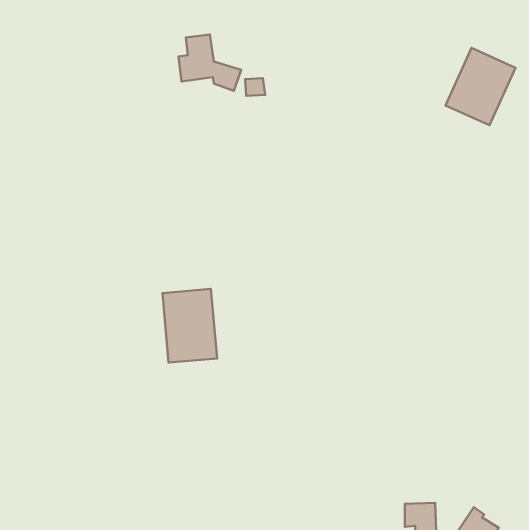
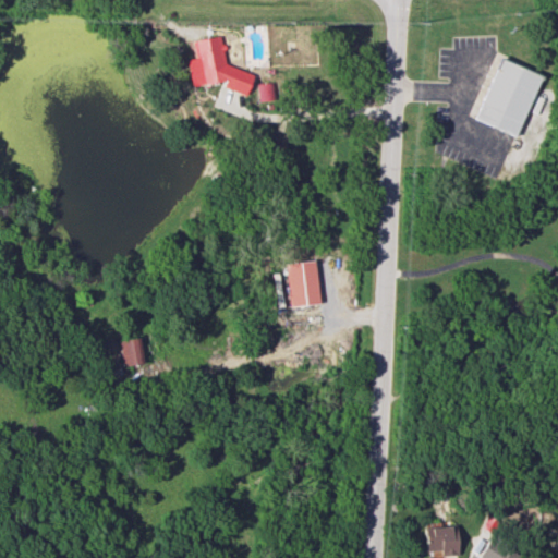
building: none -> [288,263,322,310]
building: [163,289,217,363] -> none
building: none -> [124,341,147,367]

